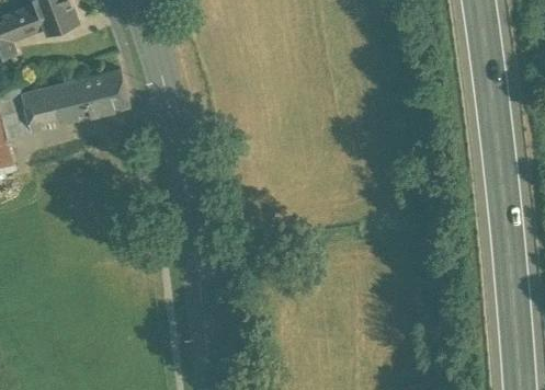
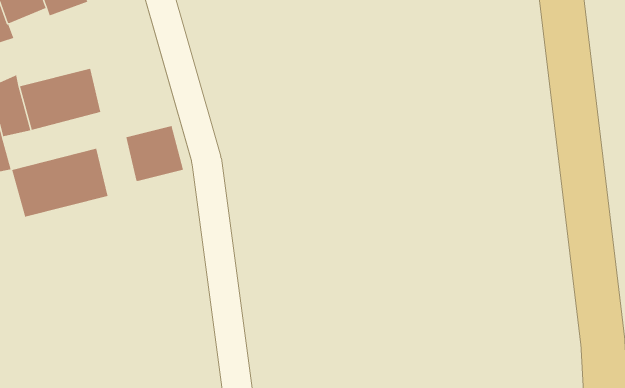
building: [79,70,128,117] -> [125,126,184,181]
building: none -> [12,148,108,217]

